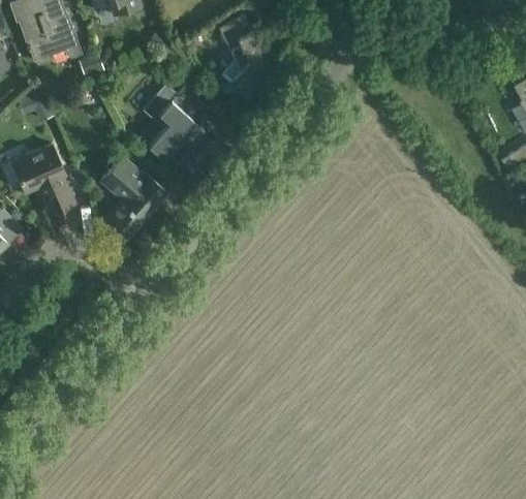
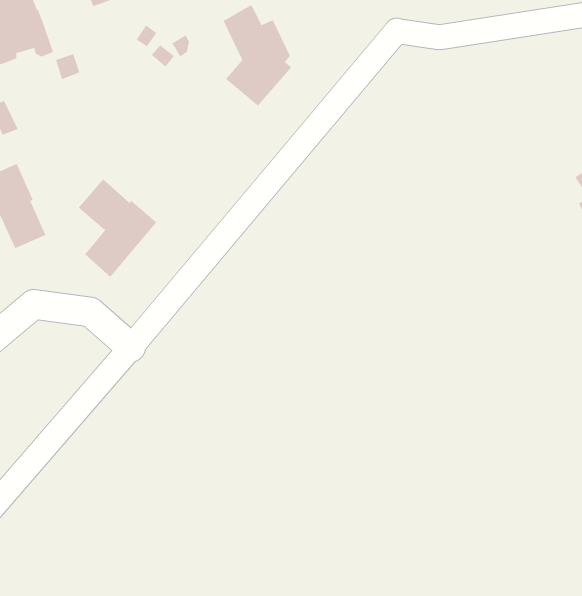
building: [141,81,209,160] -> none

